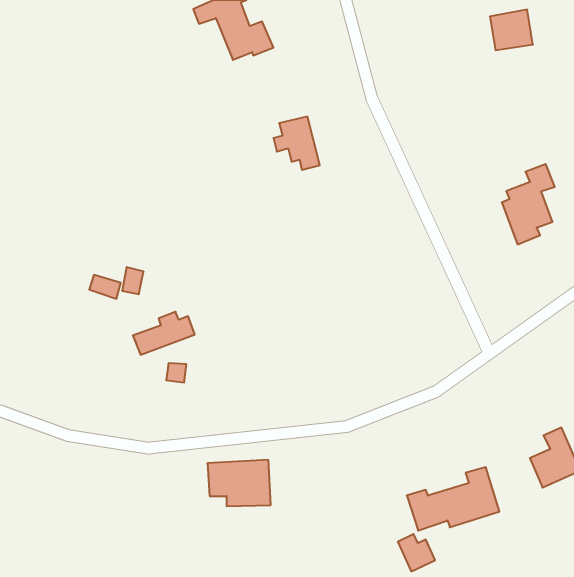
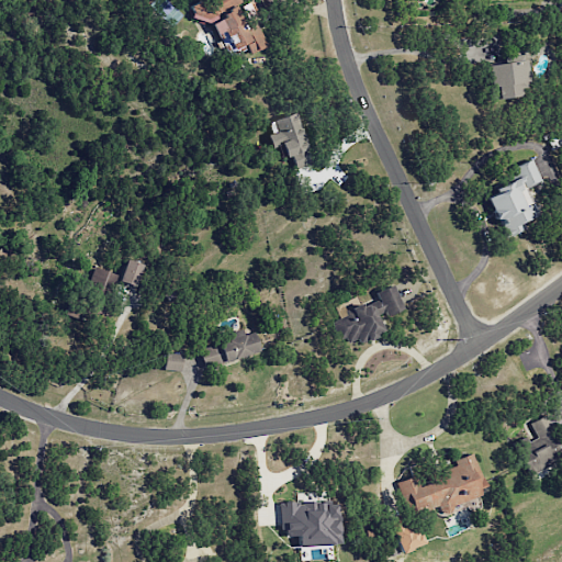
building: [490,10,533,50] -> [490,60,531,100]
building: none -> [333,285,404,347]
building: [133,312,195,355] -> [200,328,260,370]
building: [207,460,271,506] -> [281,502,342,547]

